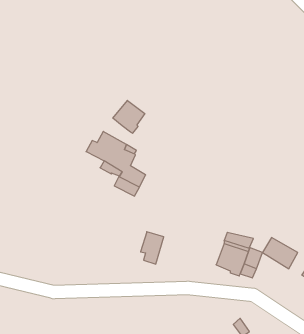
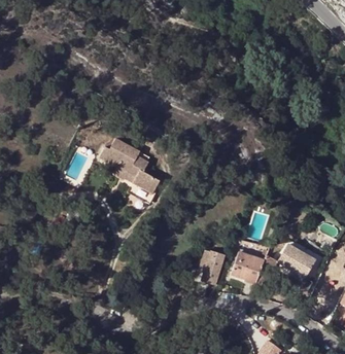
building: [113,100,145,133] -> none
building: [141,232,164,264] -> [199,250,222,283]

